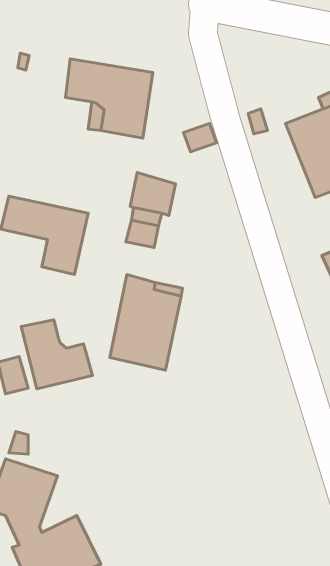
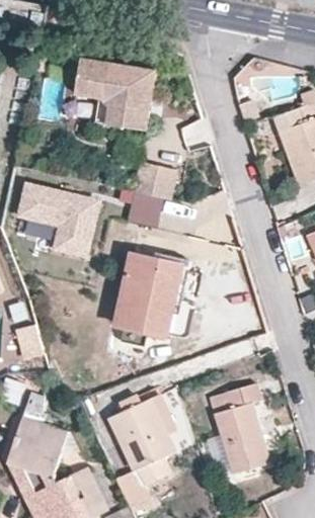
building: [21,320,92,389] -> none
building: none -> [214,383,268,471]
building: none -> [109,399,175,506]

